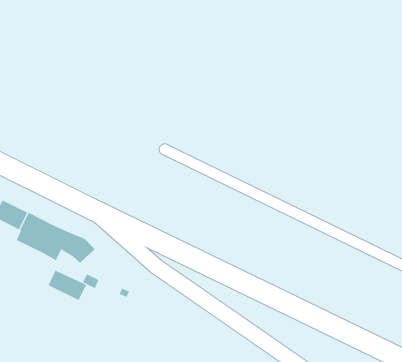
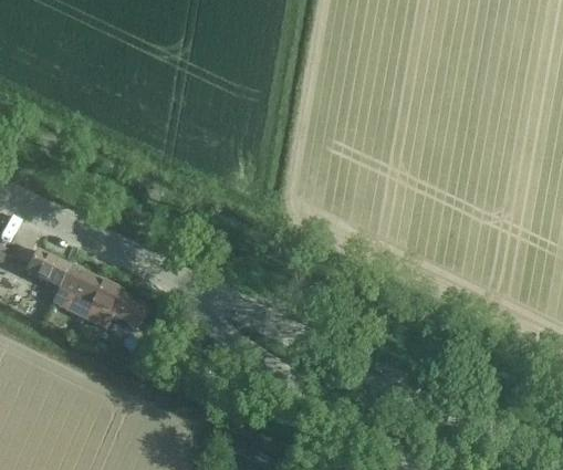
building: [48,270,87,301] -> none

